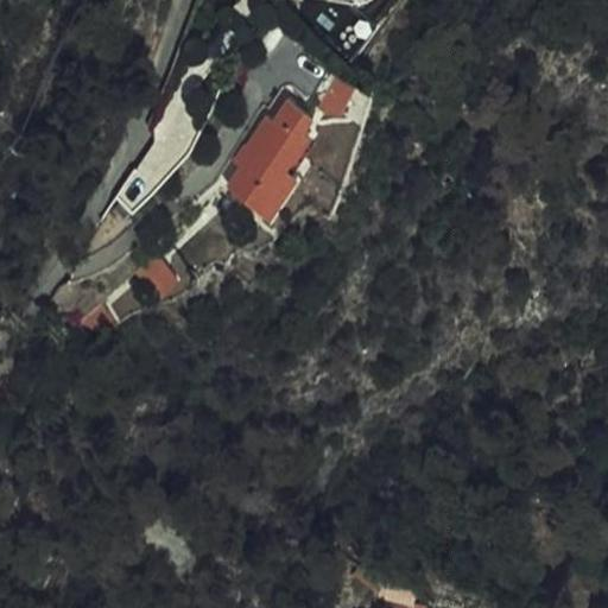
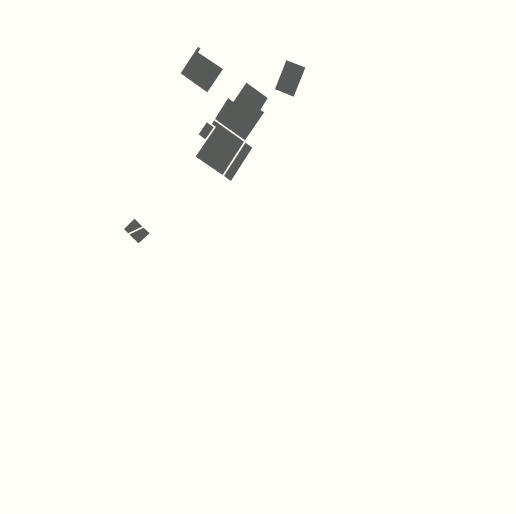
building: none -> [180,46,224,93]

